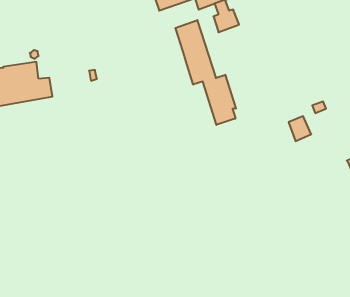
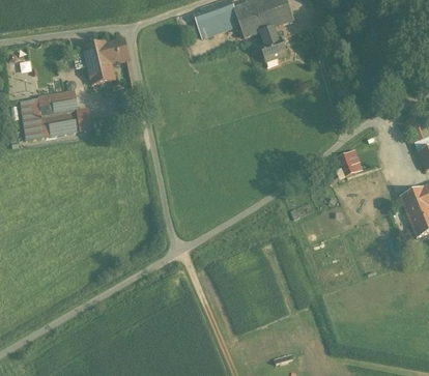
building: none -> [83,38,128,83]
building: [175,20,236,125] -> none

